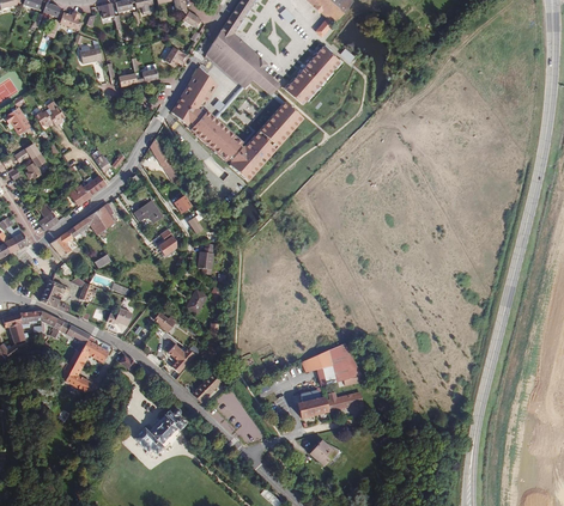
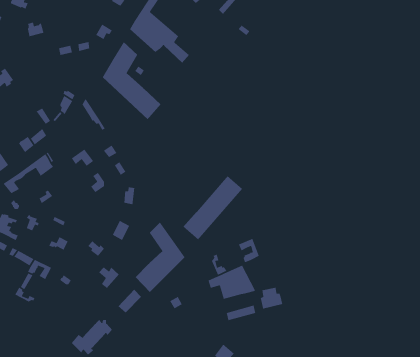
building: [285,44,341,105] -> none
building: [229,102,303,182] -> [183,175,243,241]
building: none -> [135,222,185,293]
building: none -> [211,238,260,276]
building: [298,390,327,417] -> [260,287,283,309]

